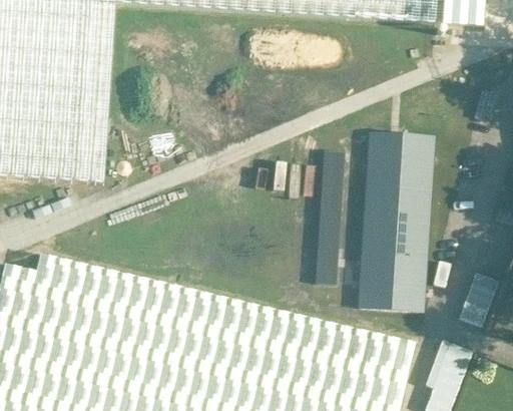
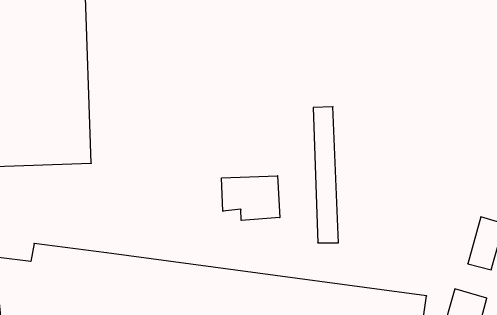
building: [357,131,434,312] -> none
building: none -> [222,176,280,220]

